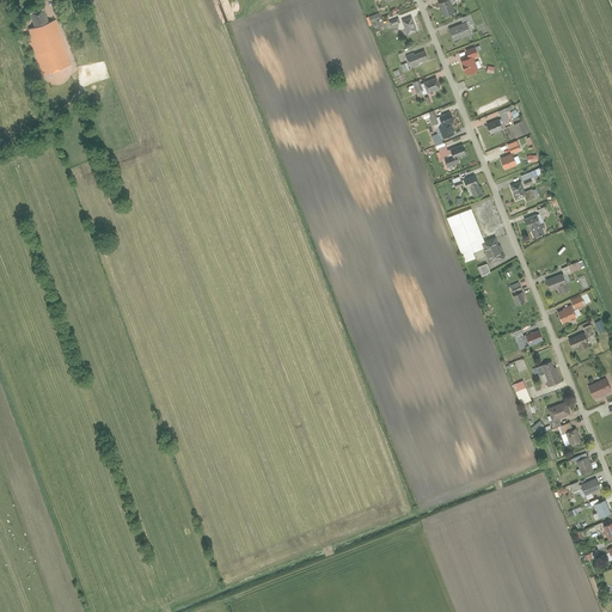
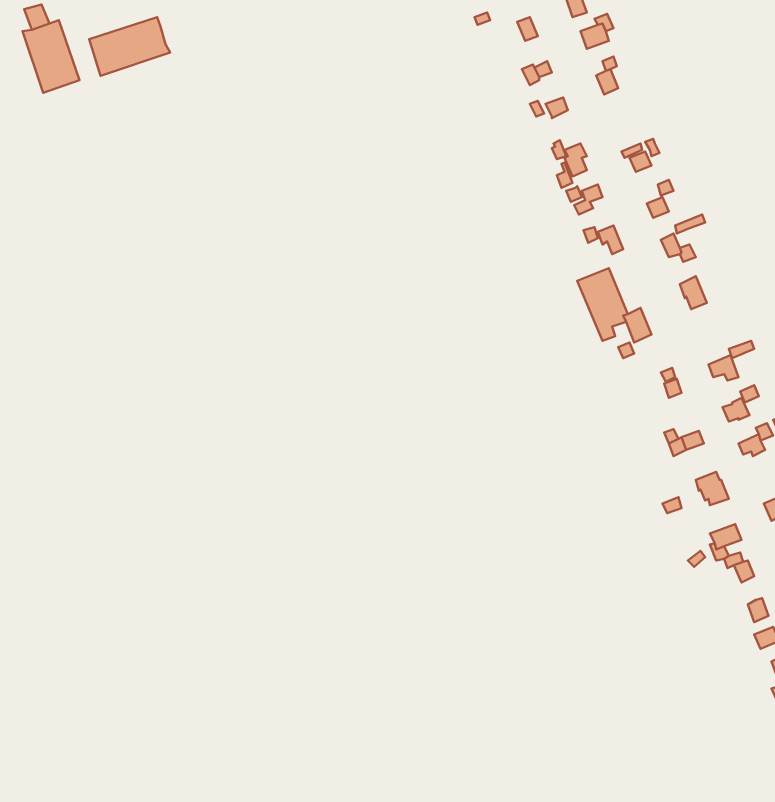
building: none -> [89,17,170,76]

